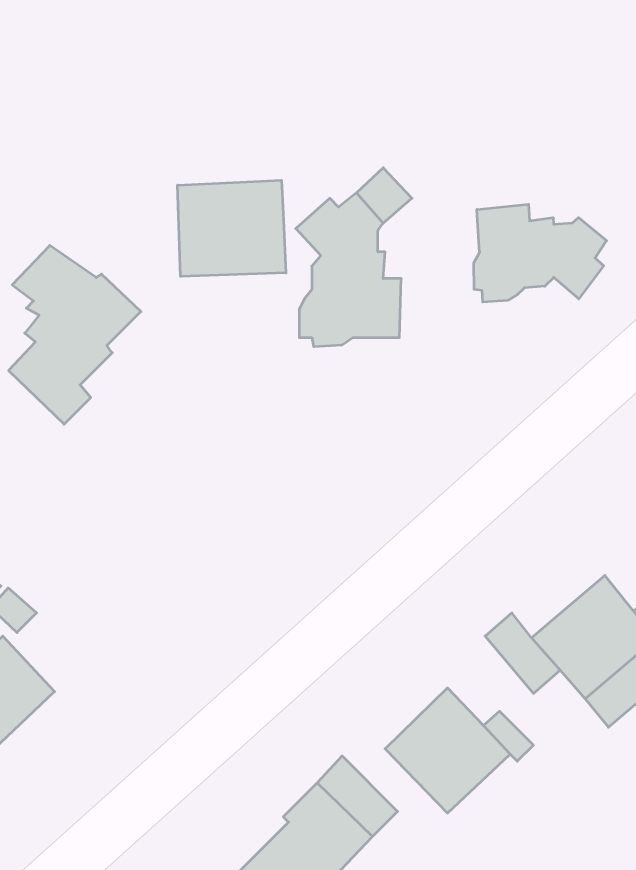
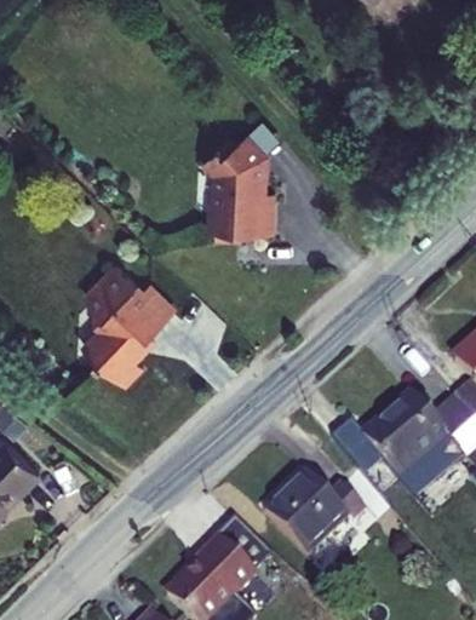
building: [178,180,286,276] -> none
building: [474,204,607,302] -> none
building: [9,245,141,424] -> [86,259,176,380]

